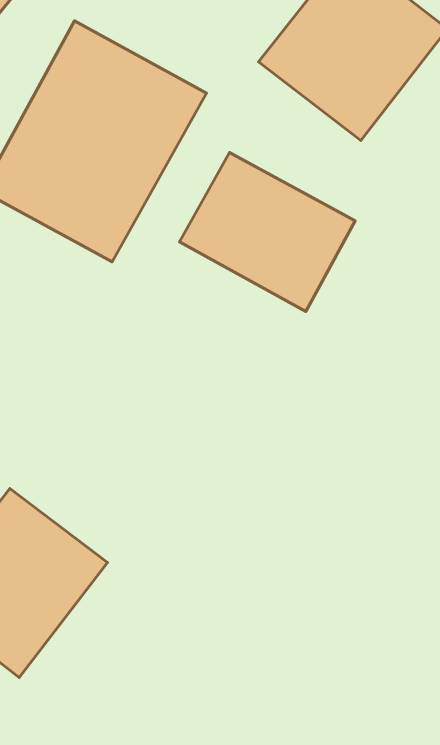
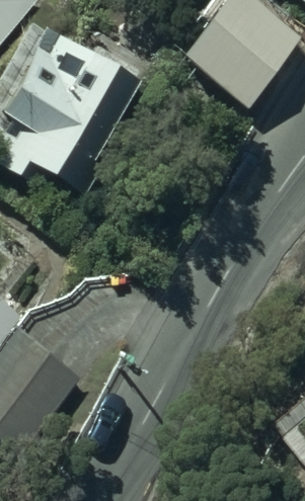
building: [179,152,355,311] -> none

